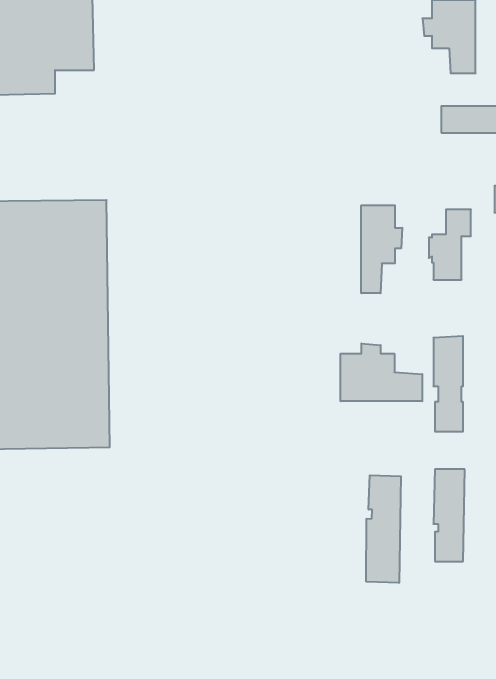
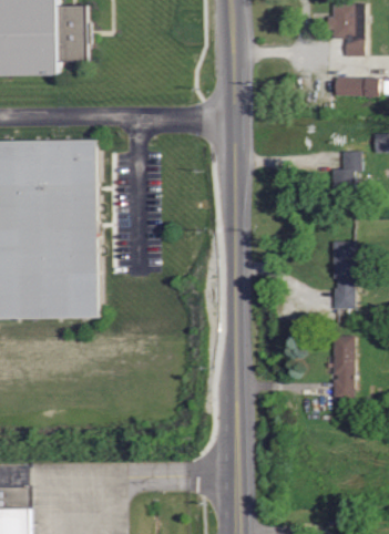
building: [361,205,402,293] -> none
building: [341,343,422,401] -> none
building: [366,475,401,583] -> none

